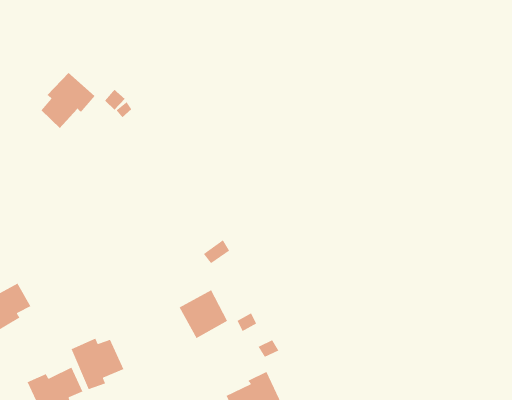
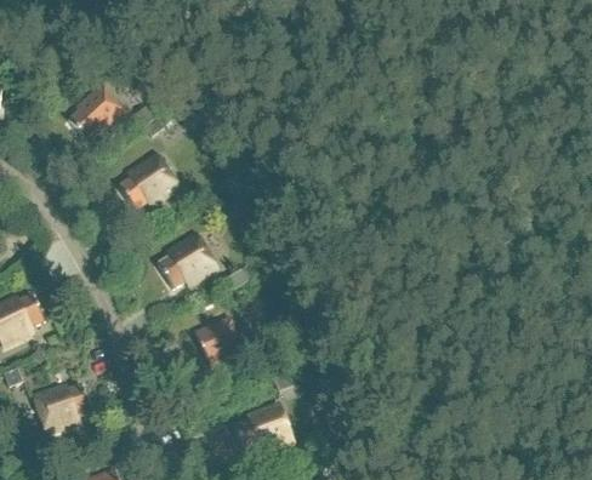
building: none -> [119,154,178,208]
building: none -> [158,233,216,287]
building: [71,338,125,390] -> none

